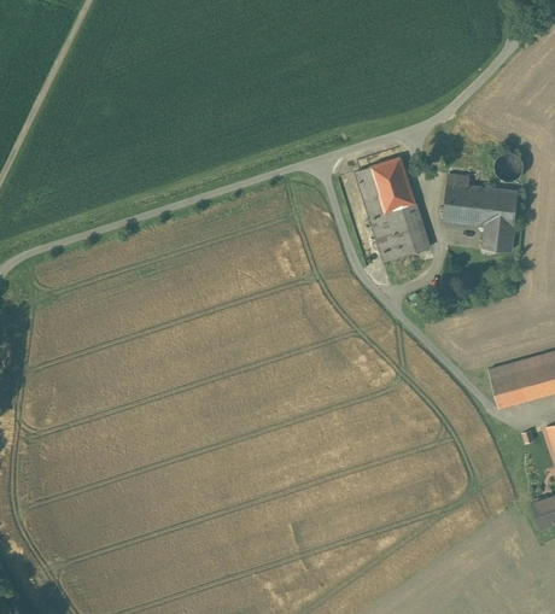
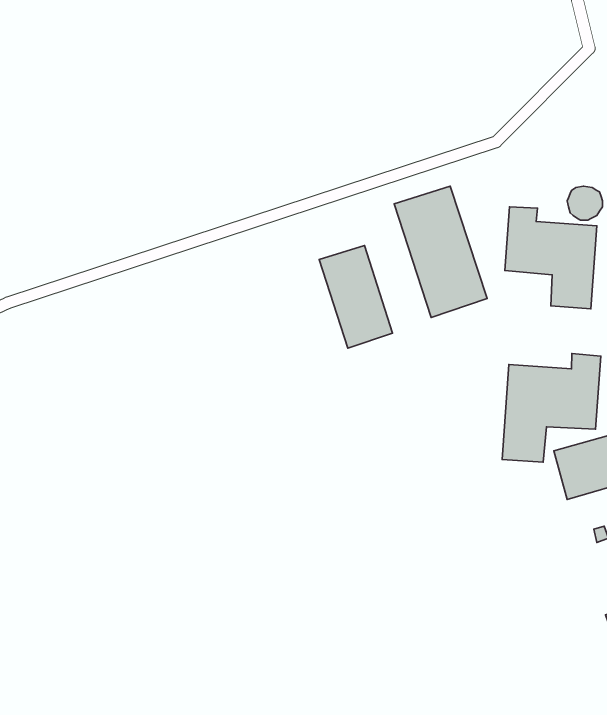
building: none -> [319,245,393,348]
building: none -> [502,354,601,462]

